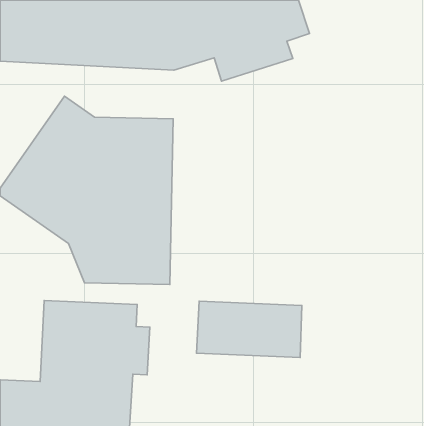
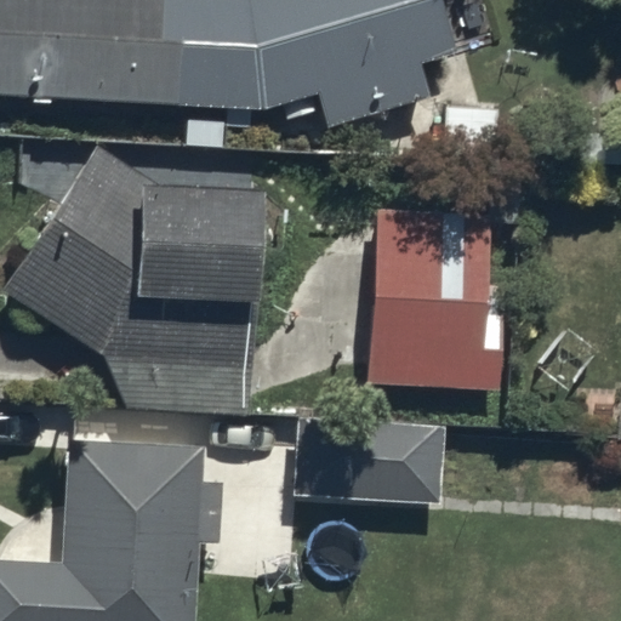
building: none -> [371,205,498,382]

